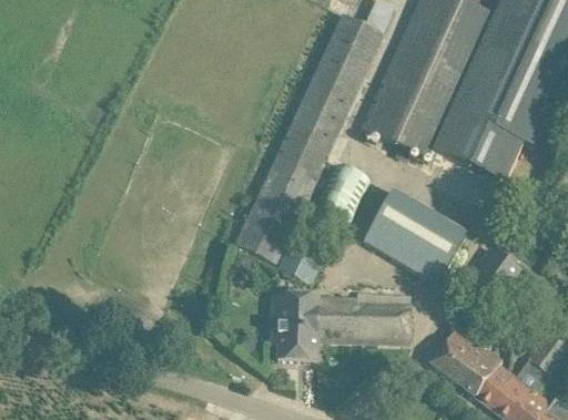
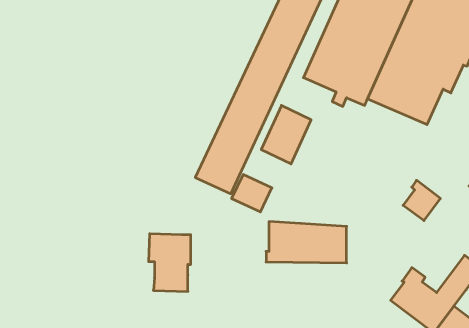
building: [363,189,467,284] -> none
building: [272,294,321,360] -> [149,234,191,291]
building: [430,327,486,386] -> none

